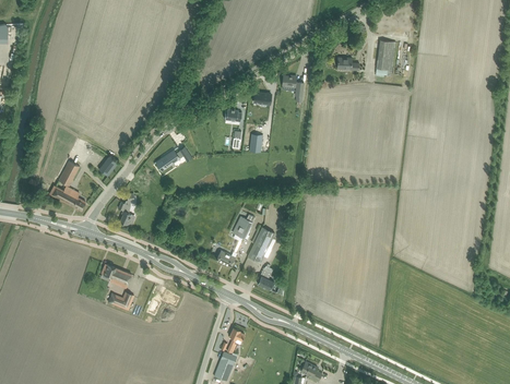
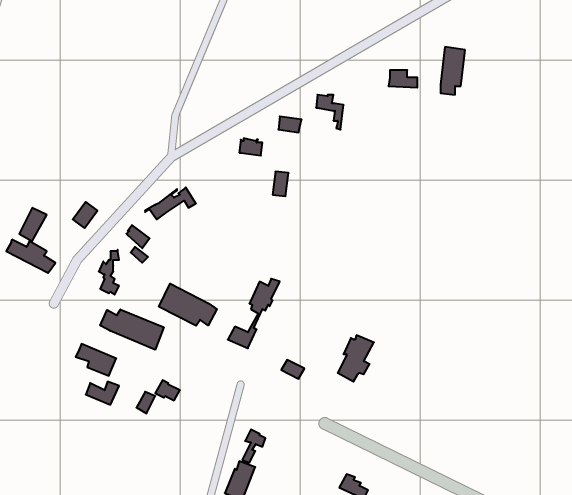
building: none -> [159,284,217,326]
building: [247,228,274,263] -> [338,335,374,382]
building: none -> [100,309,164,350]

